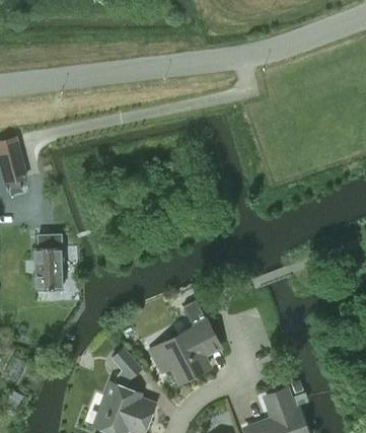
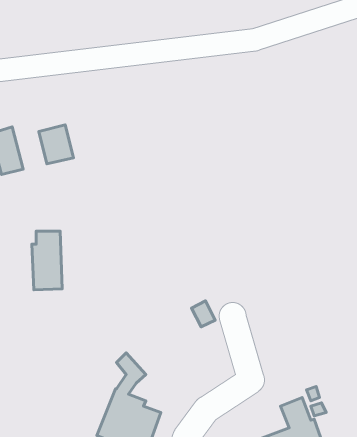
building: none -> [39,125,74,164]
building: [152,320,220,381] -> none

